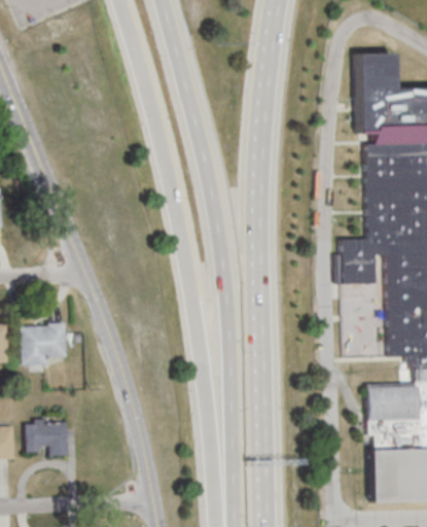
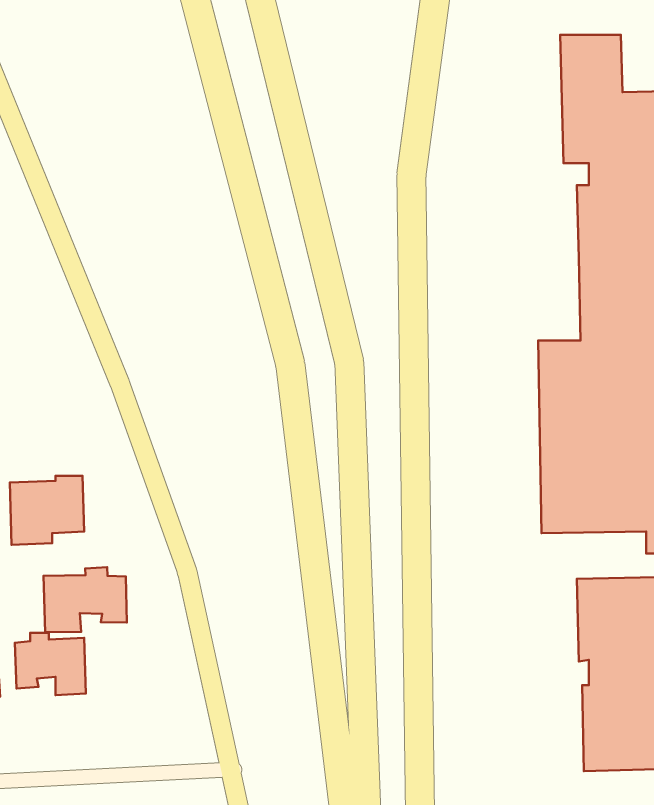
building: none -> [43,567,127,632]

